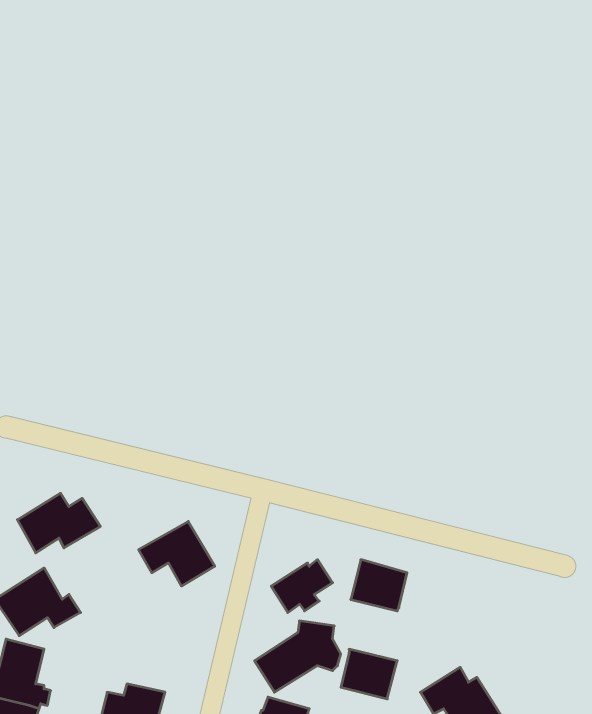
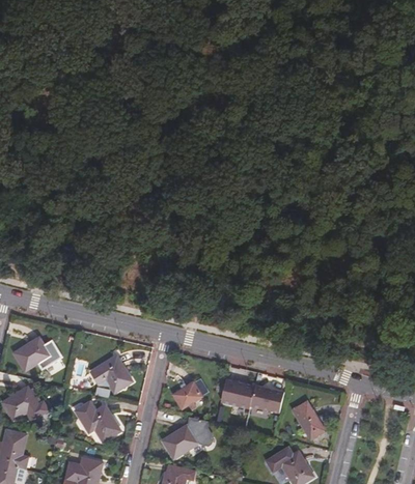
building: none -> [73,399,123,445]
building: none -> [290,399,327,440]
building: [341,649,397,699] -> [250,383,285,415]

